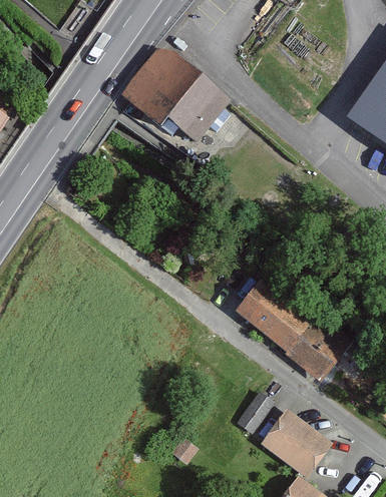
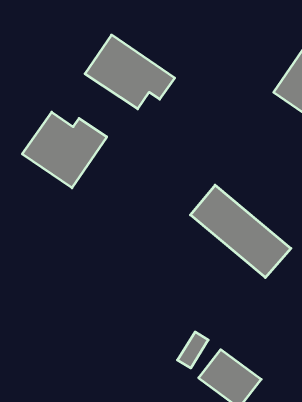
building: none -> [22,112,107,188]
building: [237,277,351,382] -> [190,185,291,278]

